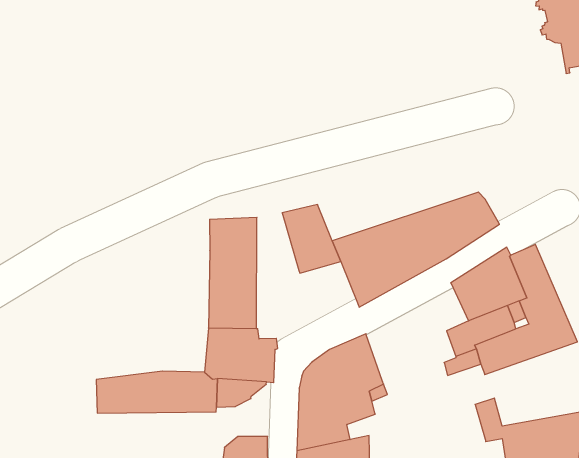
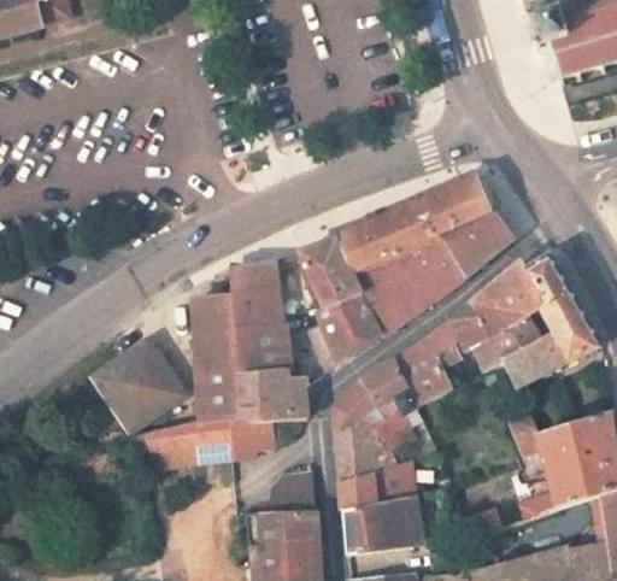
building: none -> [333,180,488,274]
building: none -> [194,297,241,419]
building: none -> [306,293,383,374]
building: none -> [451,301,493,352]
building: none -> [94,340,183,429]
building: none -> [394,327,463,405]

